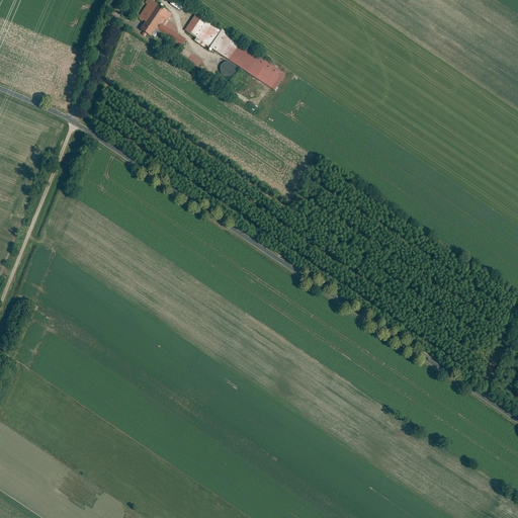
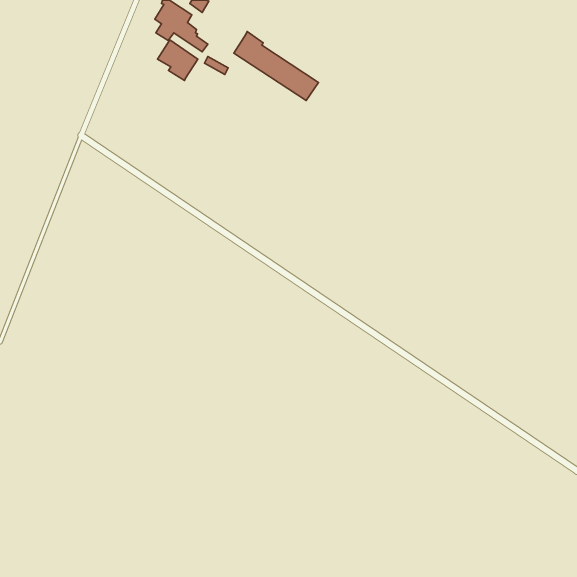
building: [184,13,221,50] -> [157,40,198,81]

